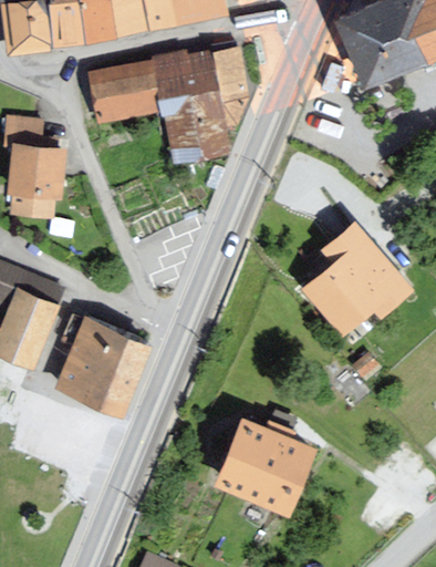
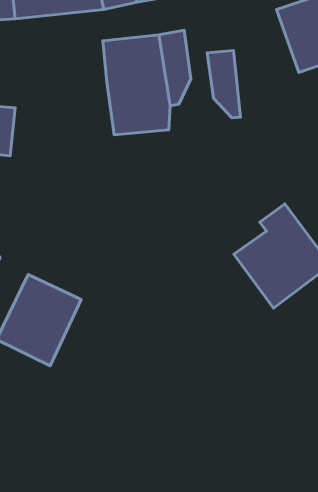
building: [90,65,158,118] -> none
building: none -> [207,50,241,118]
building: [222,421,313,503] -> none

